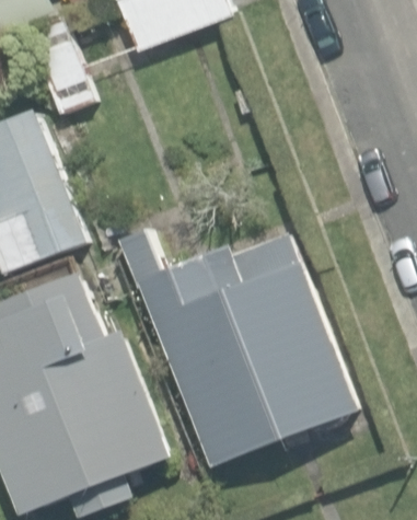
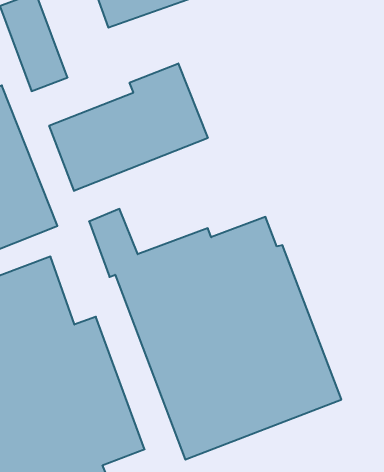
building: none -> [49,63,208,191]

